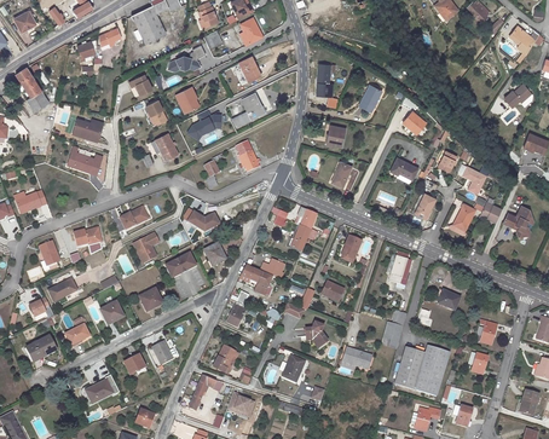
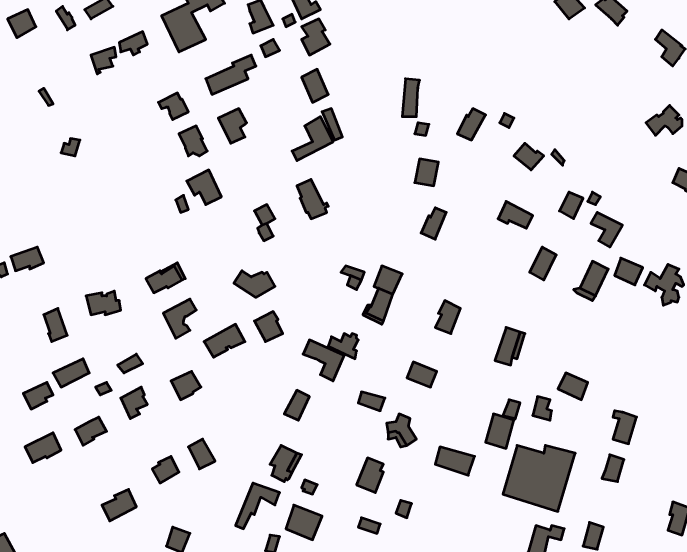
building: [16,67,48,111] -> none
building: [186,109,221,140] -> none
building: [69,116,103,141] -> none
building: [64,145,103,177] -> none

